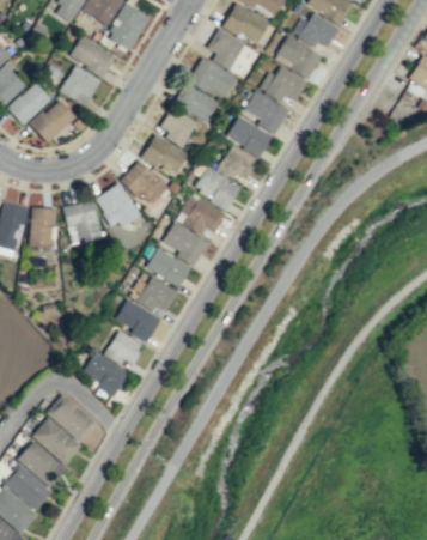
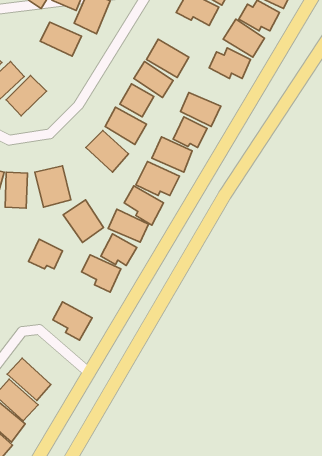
building: [208,29,246,69] -> none
building: [60,63,100,105] -> none
building: [244,90,288,134] -> none
building: [94,181,140,229] -> [63,200,104,242]
building: [105,329,144,363] -> [29,239,63,269]
building: [47,393,97,441] -> none

